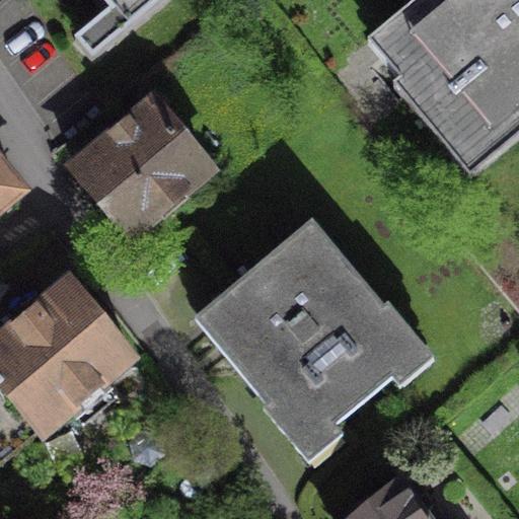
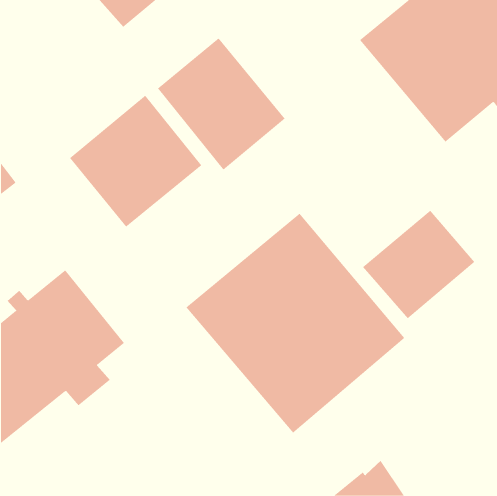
building: none -> [157,37,285,171]
building: none -> [362,210,475,319]

